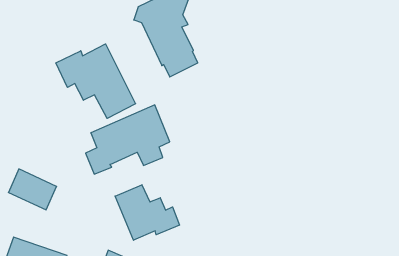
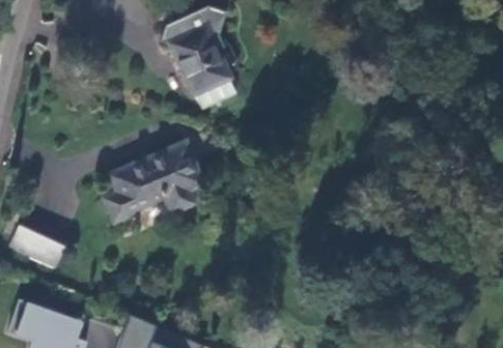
building: [56,44,136,118] -> none
building: [115,185,180,240] -> none

